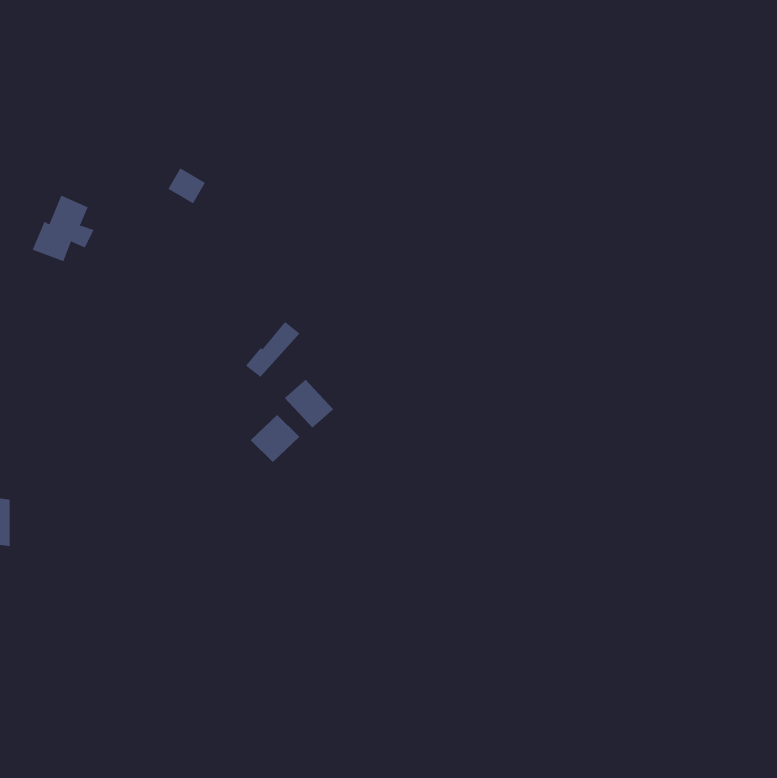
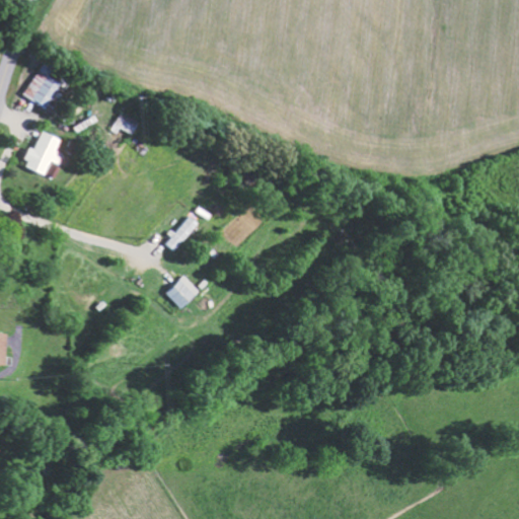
building: none -> [23,62,71,107]
building: [284,379,334,428] -> none

